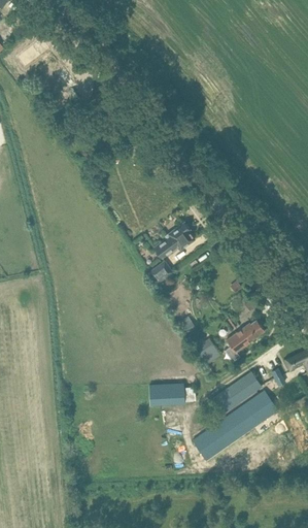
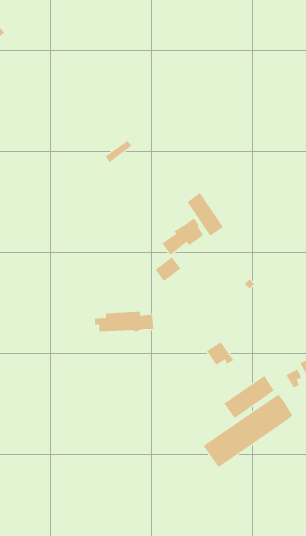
building: none -> [187,192,224,237]
building: [225,320,265,362] -> none
building: [139,384,196,403] -> [94,311,154,332]

